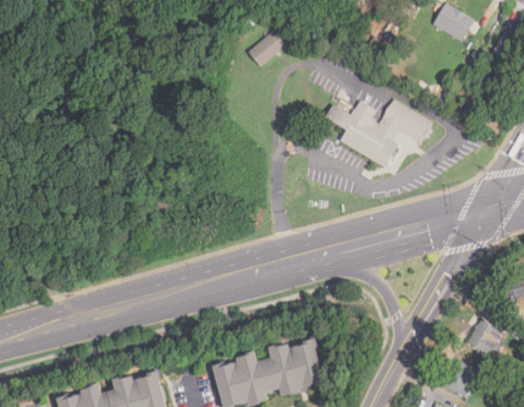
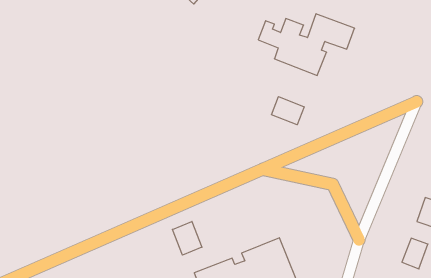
building: none -> [272,97,304,125]
building: none -> [172,221,202,255]

